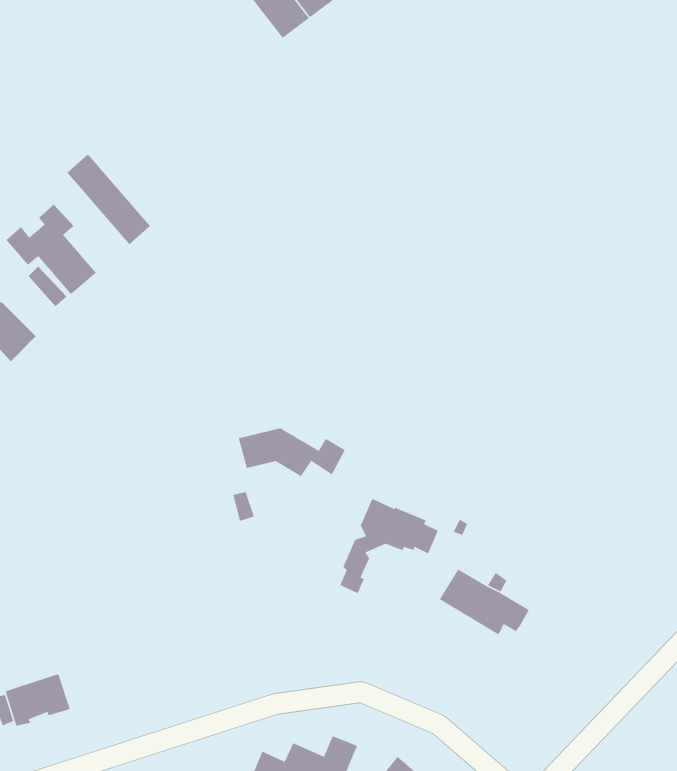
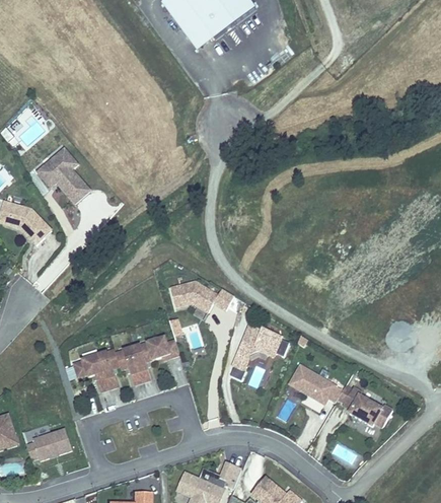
building: [67,154,151,245] -> none
building: none -> [74,339,179,391]
building: none -> [338,385,392,428]

